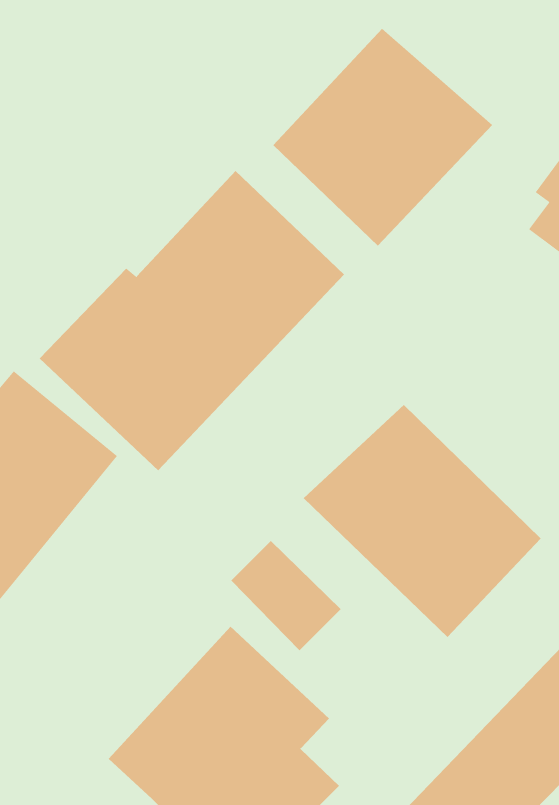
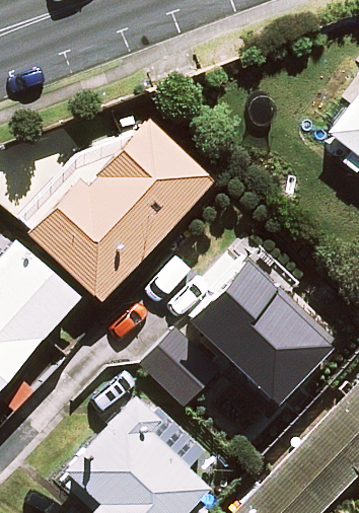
building: [272,28,493,246] -> none

